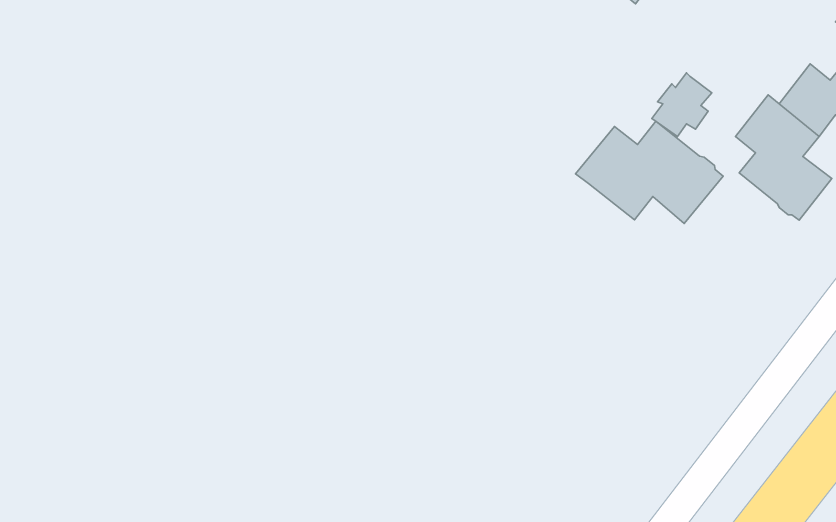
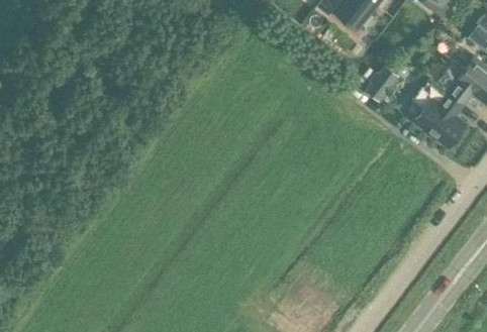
building: [576,121,723,224] -> none

